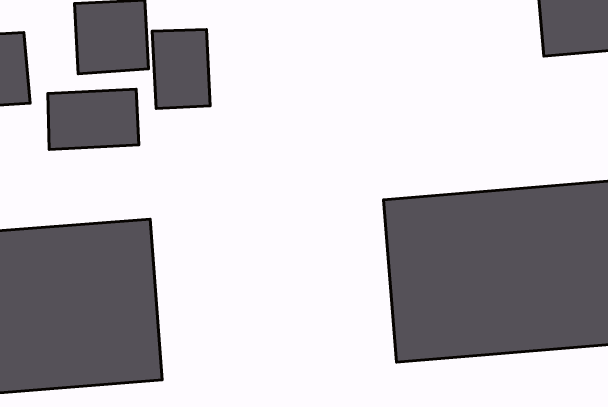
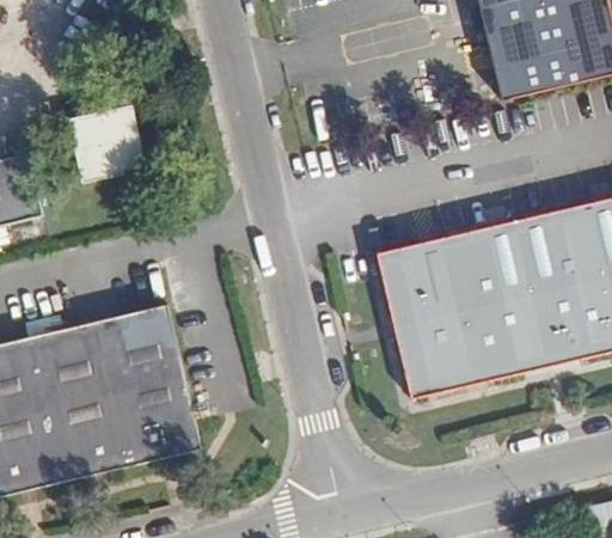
building: [152,30,210,108] -> none
building: [48,89,139,149] -> none

